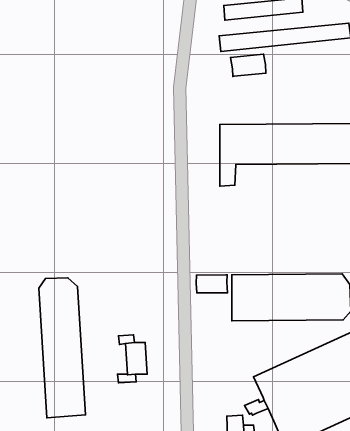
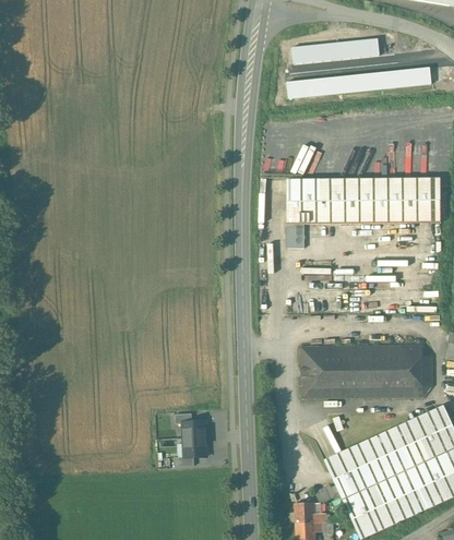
building: [231,54,266,76] -> none
building: [196,275,228,293] -> none
building: [39,278,85,418] -> none

